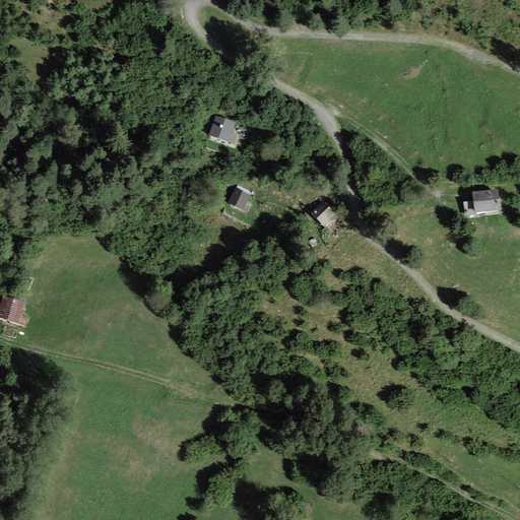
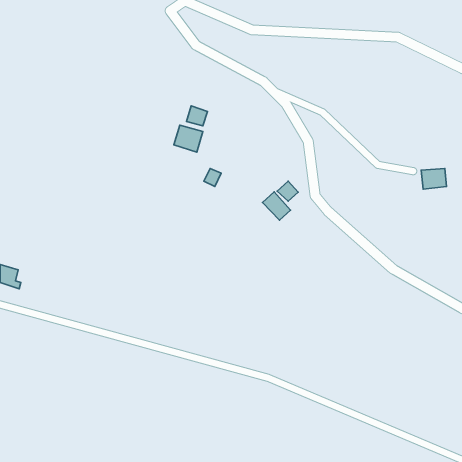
building: none -> [174,125,203,152]
building: none -> [262,192,291,220]

